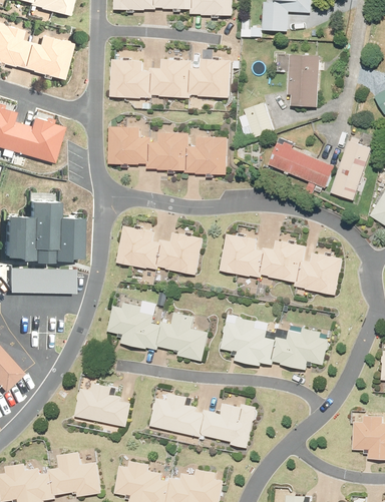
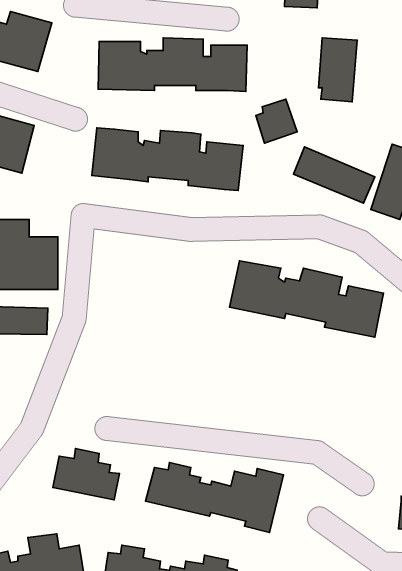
building: [113,223,203,274] -> none
building: [106,303,207,360] -> none
building: [222,319,330,371] -> none

